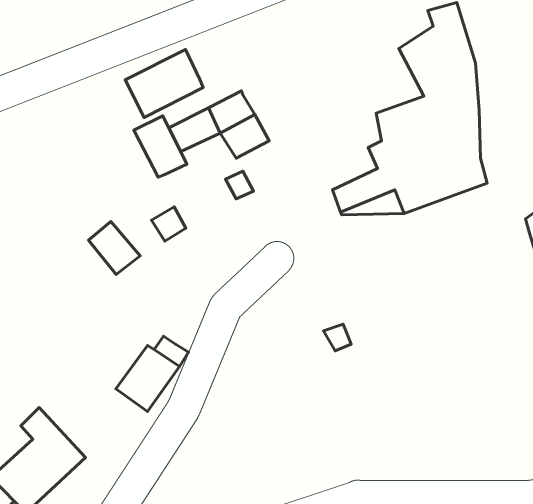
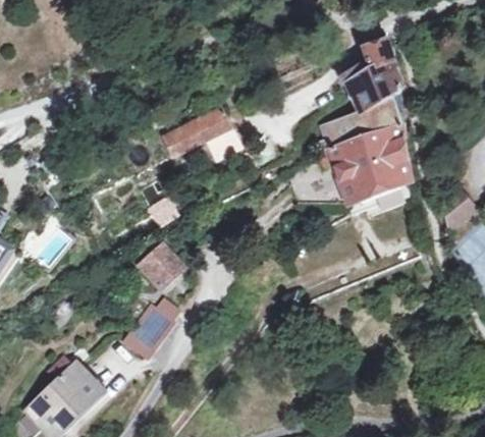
building: [125,50,203,118] -> none
building: [134,116,187,177] -> none
building: [89,222,140,274] -> [142,241,181,282]

